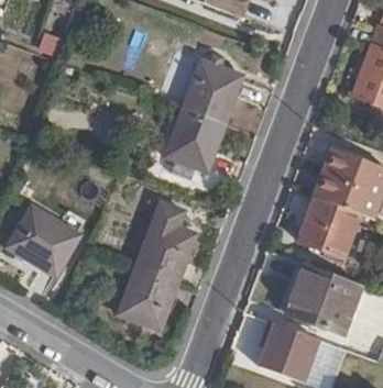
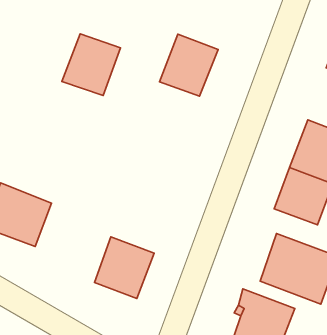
building: [164,110,223,173] -> [62,34,120,96]
building: [133,206,195,284] -> none

